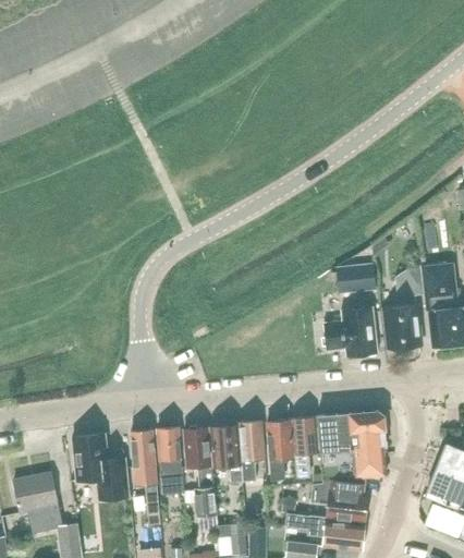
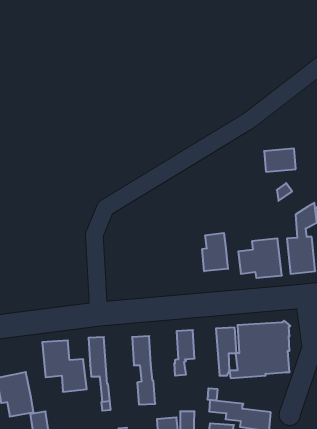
building: [337,263,377,292] -> [264,149,296,172]
building: none -> [202,233,228,271]
building: [270,423,294,482] -> none
building: [215,428,242,483] -> none
building: [157,429,183,495] -> none
building: [310,481,368,523] -> none

